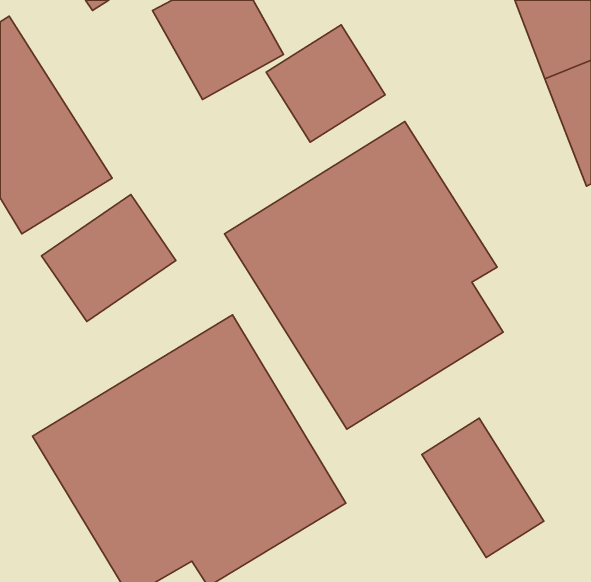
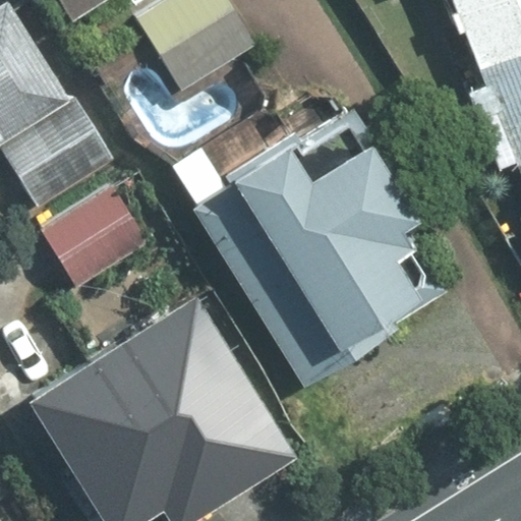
building: [266,25,385,142] -> none
building: [422,418,544,558] -> none

